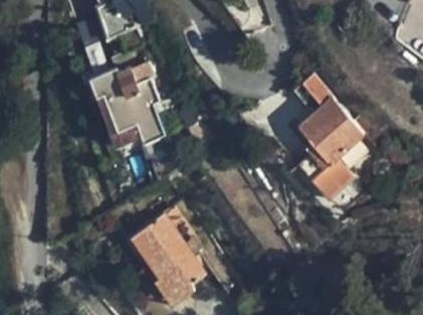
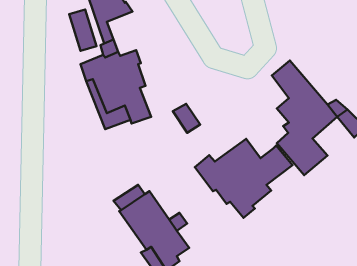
building: none -> [195,139,293,218]

